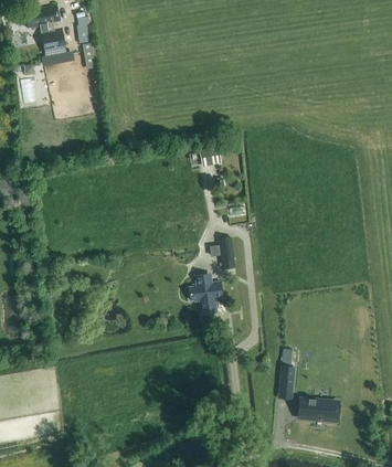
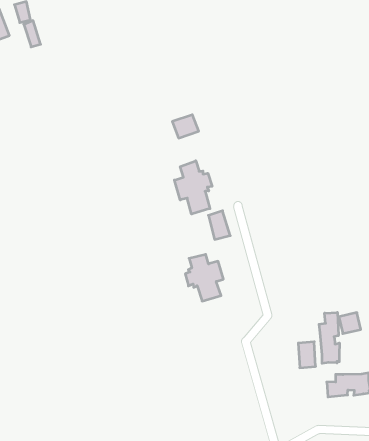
building: none -> [174,161,212,214]
building: none -> [319,312,339,363]

